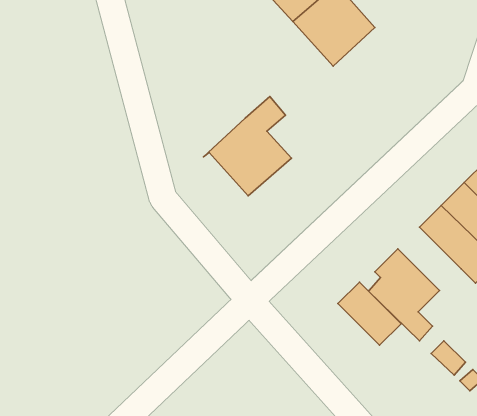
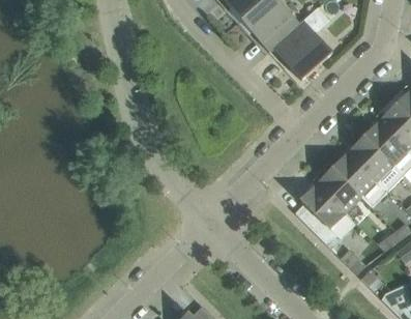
building: [204,97,291,196] -> [269,8,332,80]
building: [338,282,401,345] -> [316,168,361,213]

